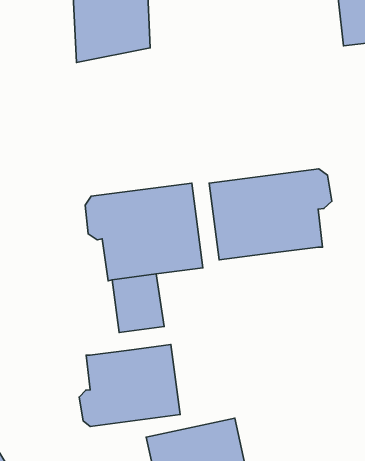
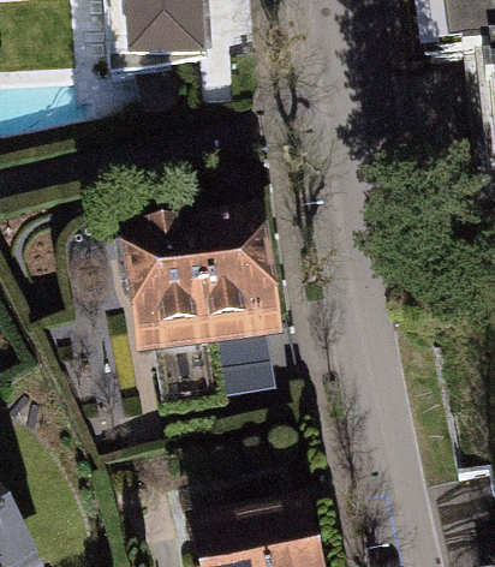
building: [209,169,332,260] -> none
building: [79,345,180,427] -> none

